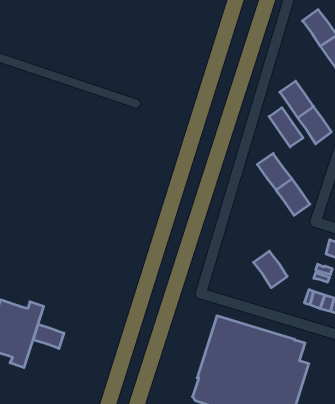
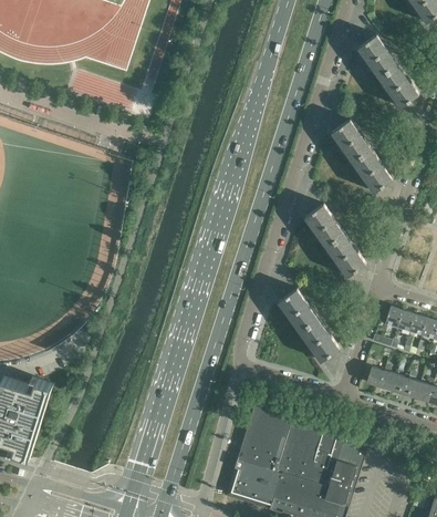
building: [269,108,303,147] -> none
building: none -> [279,289,319,333]
building: [33,324,64,349] -> none

